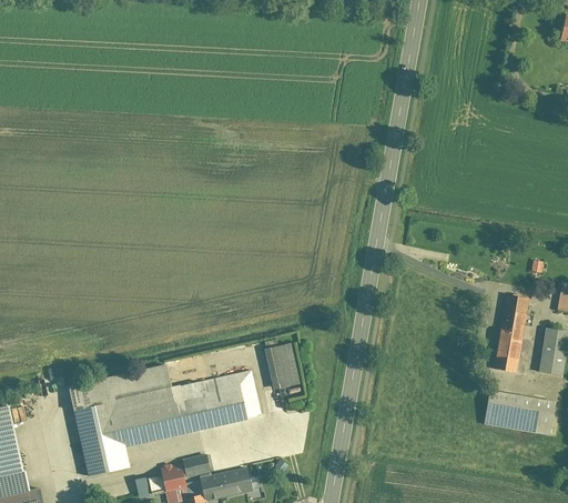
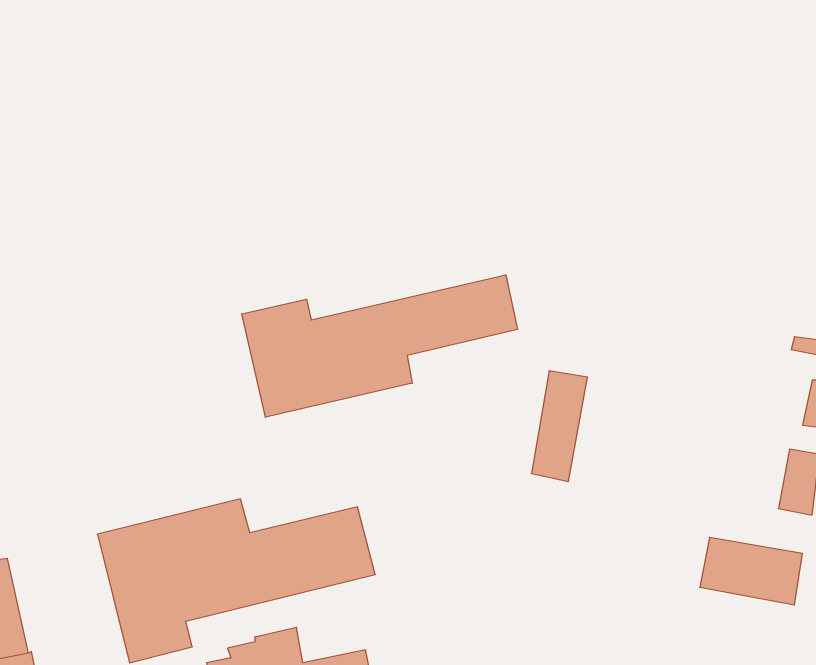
building: none -> [242,275,517,417]
building: [491,296,530,373] -> [531,371,588,482]
building: [266,346,302,391] -> none

